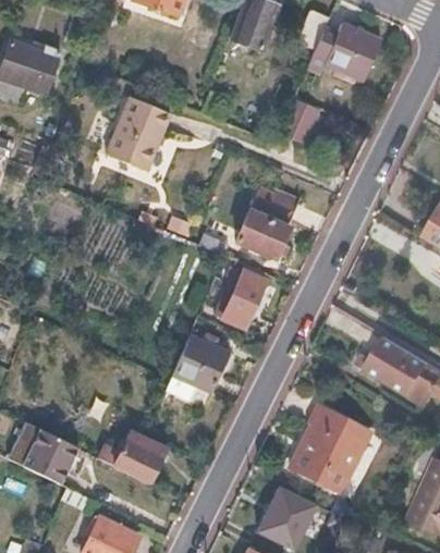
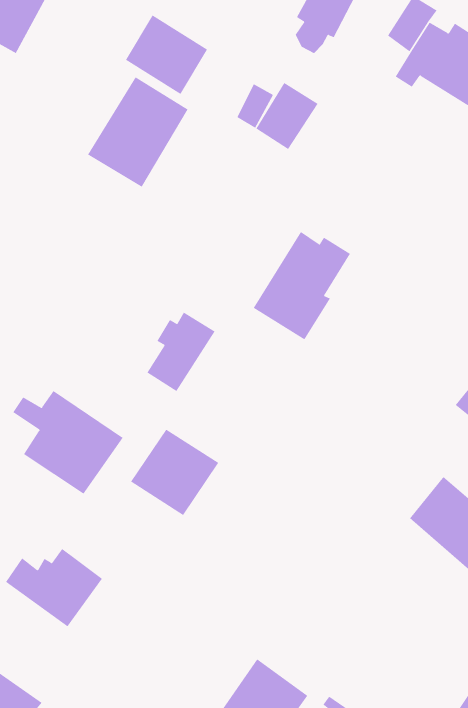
building: none -> [125,15,208,95]
building: [279,98,319,144] -> [256,82,319,150]
building: [222,272,265,328] -> [146,312,215,392]
building: none -> [13,390,123,494]
building: [284,407,377,495] -> none

